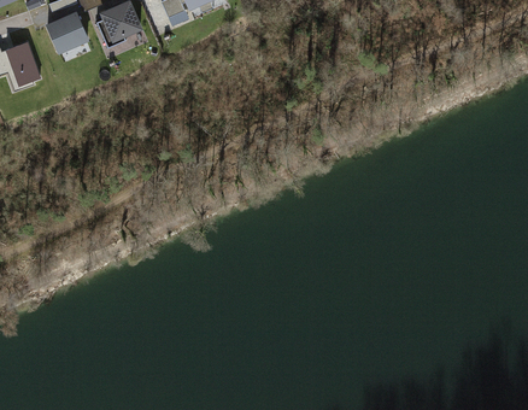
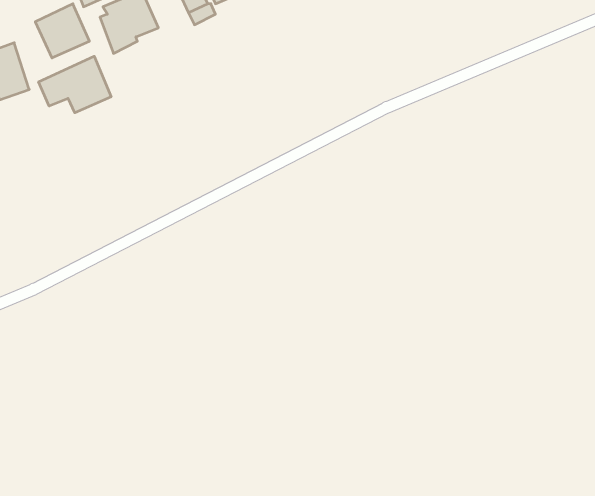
building: none -> [39,56,111,113]

